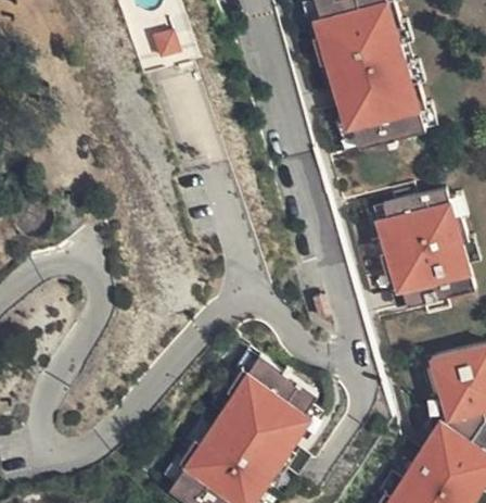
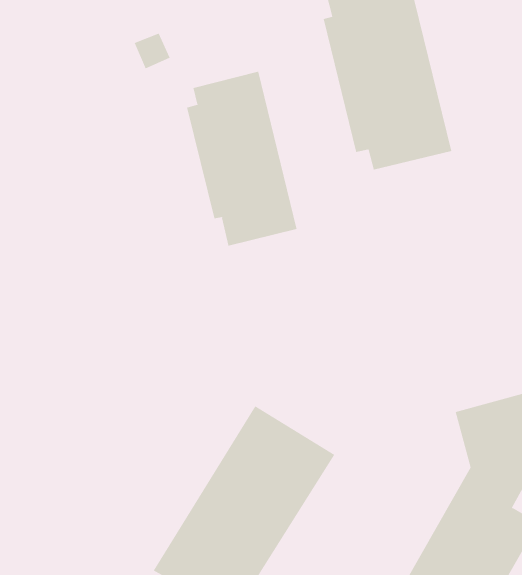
building: none -> [187,71,297,246]
building: [371,193,472,314] -> none

